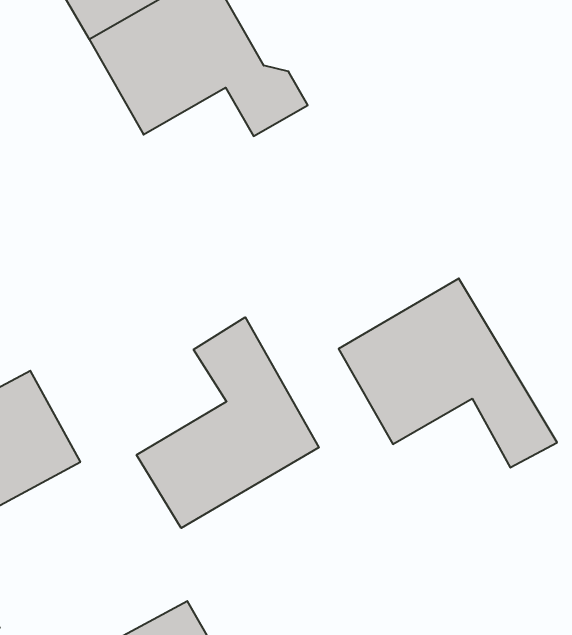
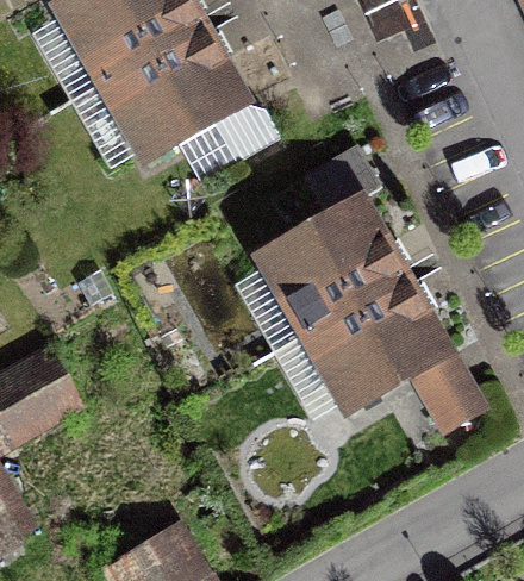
building: none -> [260,143,401,331]
building: [137,317,319,528] -> none

